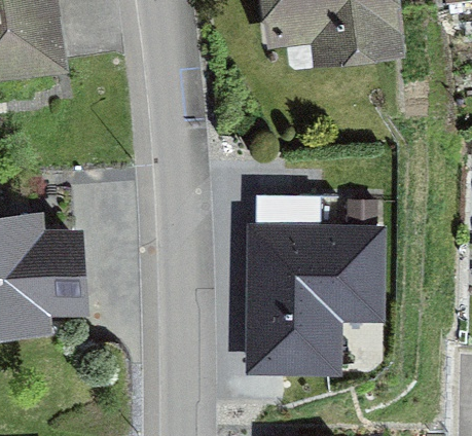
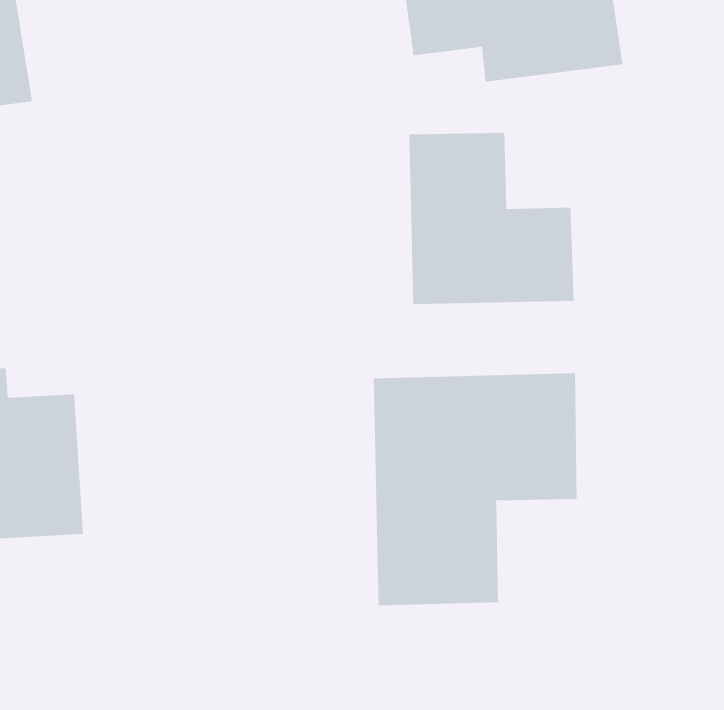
building: none -> [409,132,574,305]

